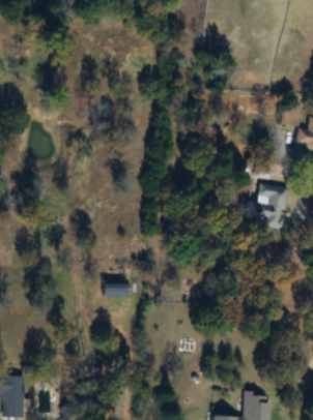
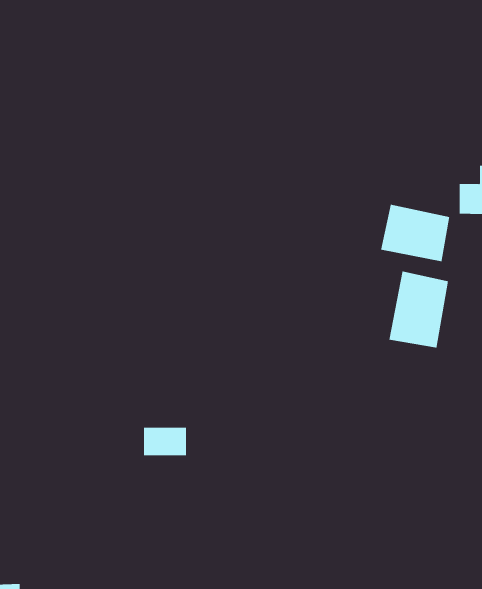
building: none -> [380,204,450,262]

